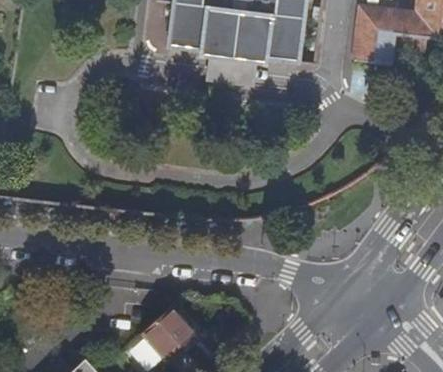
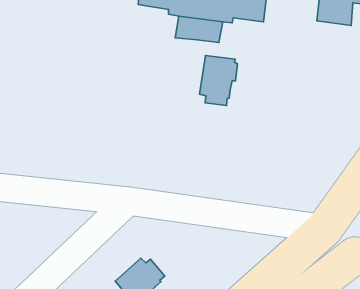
building: none -> [199,55,238,105]

